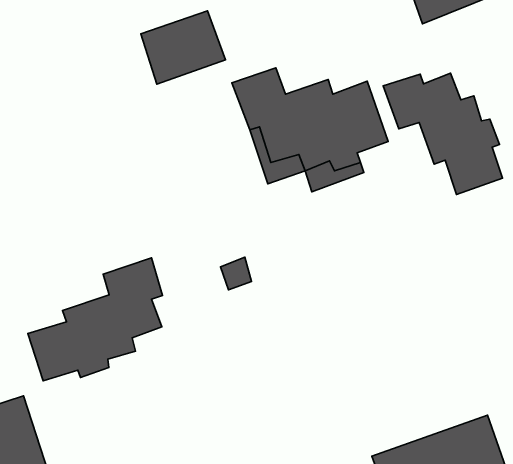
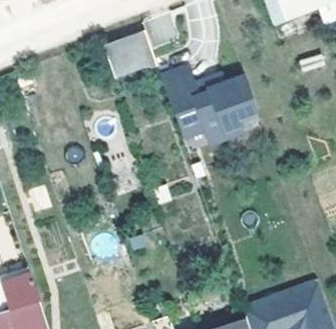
building: [383,73,503,194] -> none
building: [28,258,162,381] -> none

